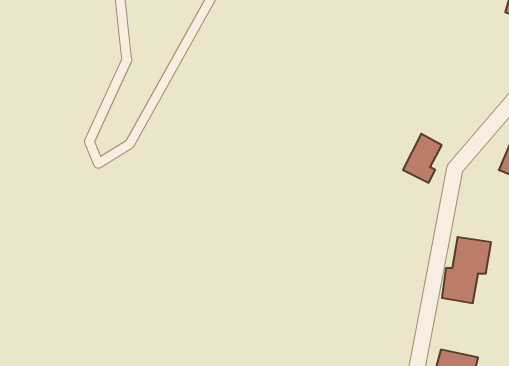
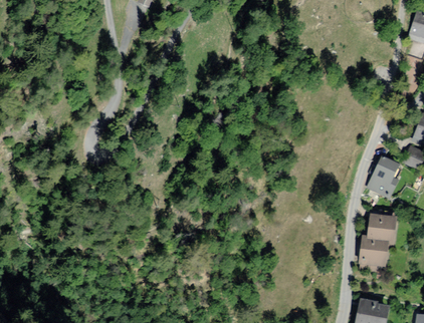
building: [403,134,442,183] -> [369,158,399,197]

